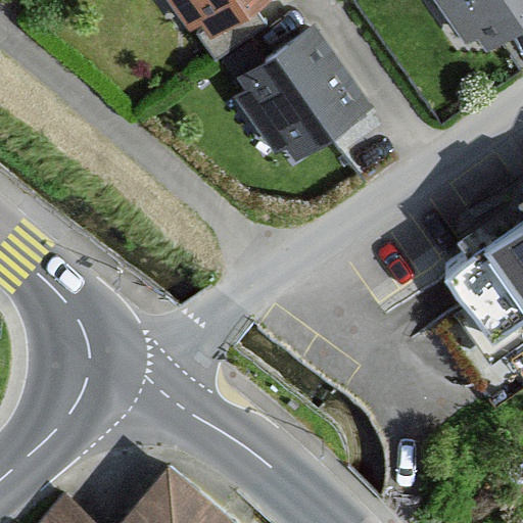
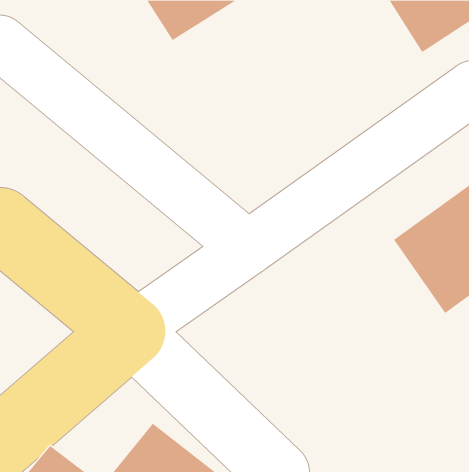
building: [231,25,377,167] -> none

